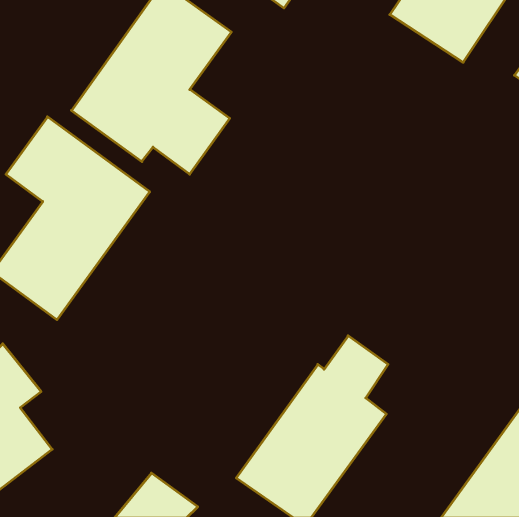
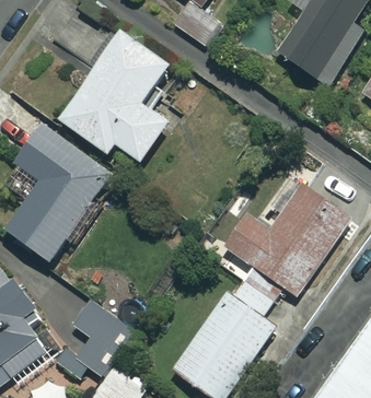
building: none -> [221,152,351,297]
building: none -> [53,303,132,383]

